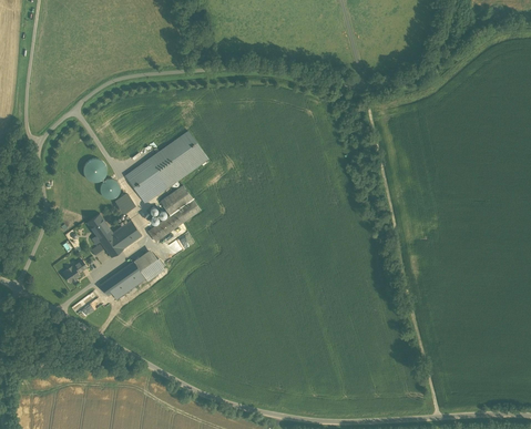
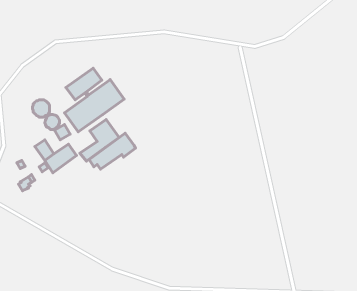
building: none -> [66,68,102,100]
building: [101,249,164,298] -> [89,133,136,169]

